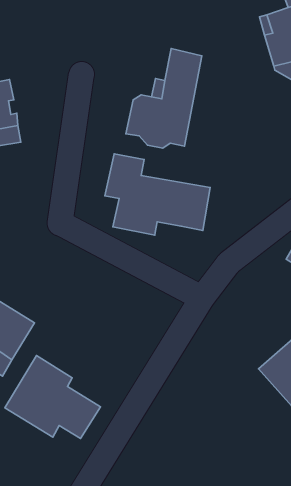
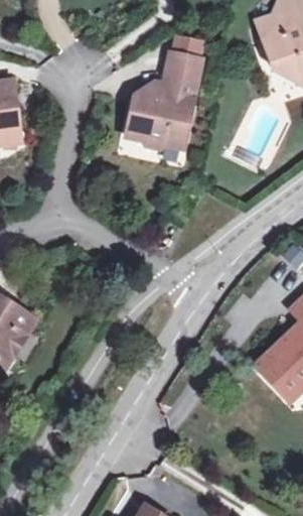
building: [105,154,210,235] -> none
building: [5,356,101,439] -> none

